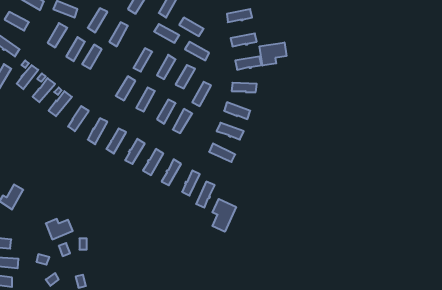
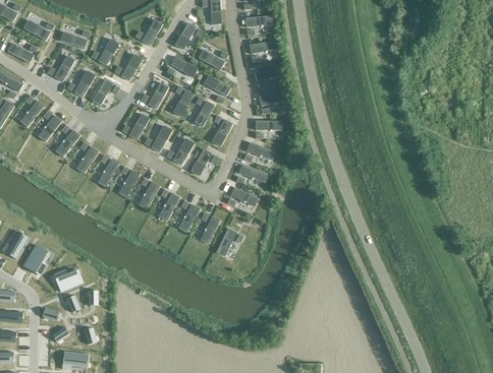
building: [260,42,286,66] -> none
building: none -> [21,244,46,274]
building: [212,199,236,232] -> none

